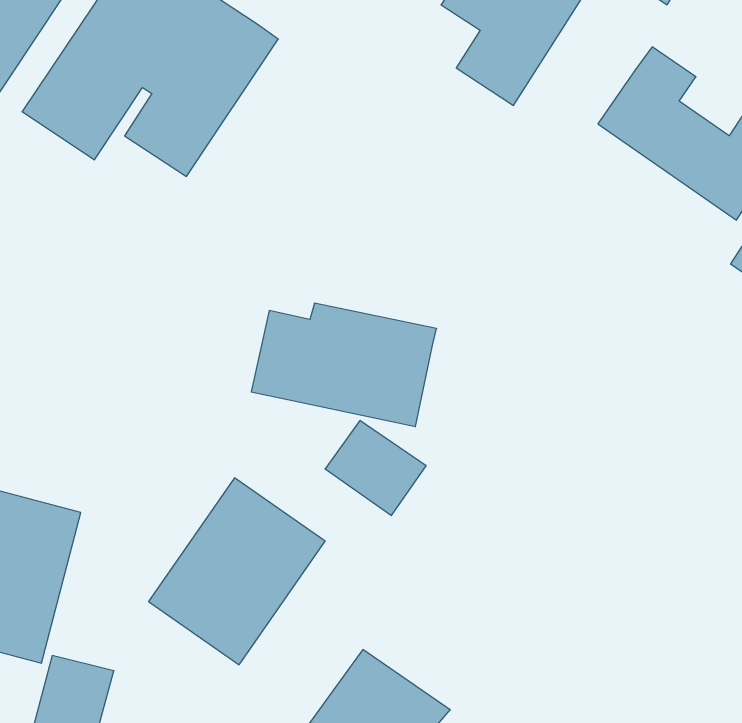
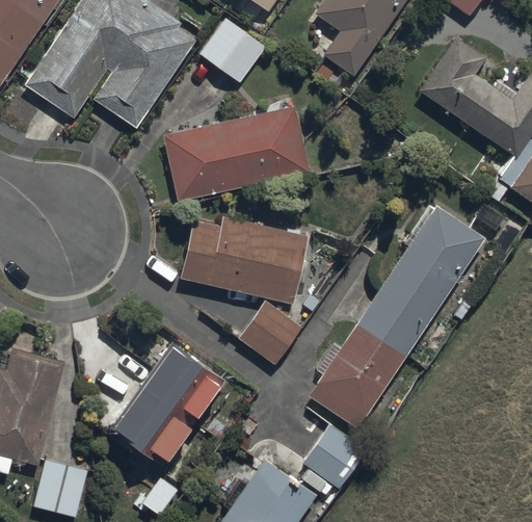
building: none -> [200,15,266,82]
building: none -> [162,106,311,203]
building: none -> [307,207,490,432]
building: none -> [297,423,363,487]

